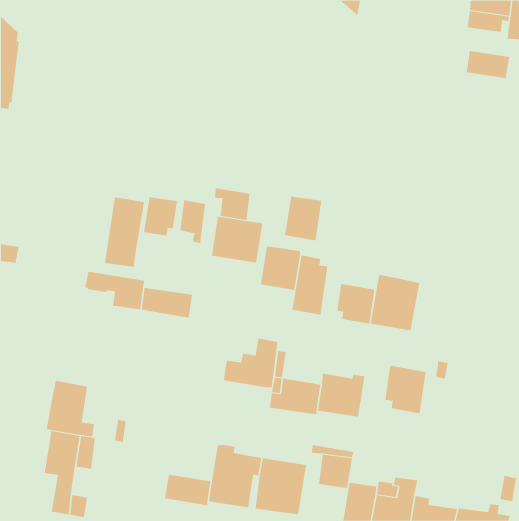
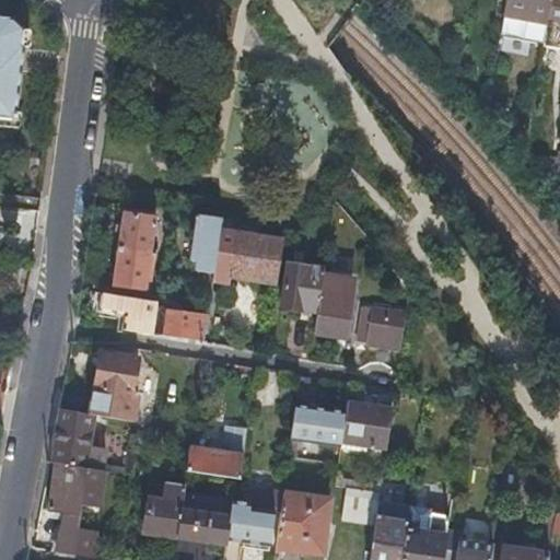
building: [466,50,510,79] -> none
building: [214,187,250,221] -> none
building: [284,196,322,241] -> none
building: [143,197,178,236] -> none
building: [370,274,420,331] -> none
building: none -> [91,352,139,421]
building: [223,338,278,388] -> [188,423,247,477]
building: [385,365,426,414] -> none
building: none -> [144,482,186,535]

